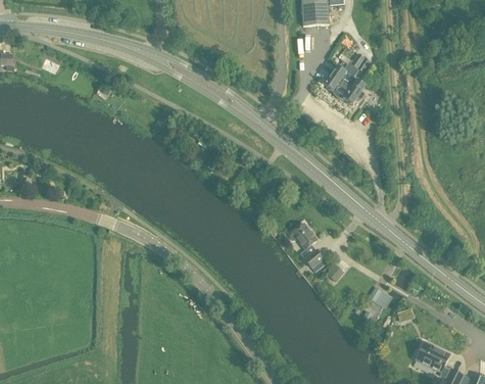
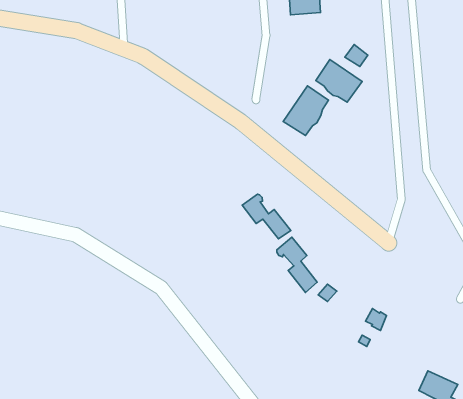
building: none -> [283,86,329,136]
building: none -> [242,194,291,239]

